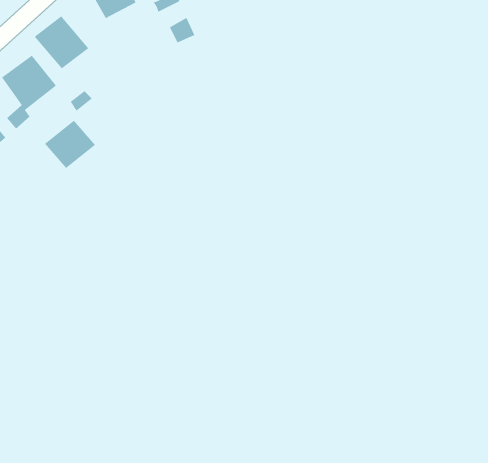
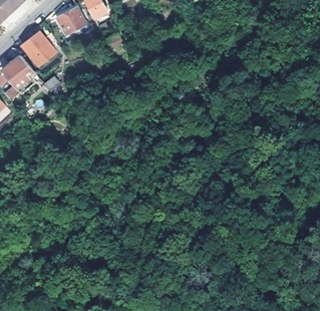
building: [44,120,96,169] -> none

